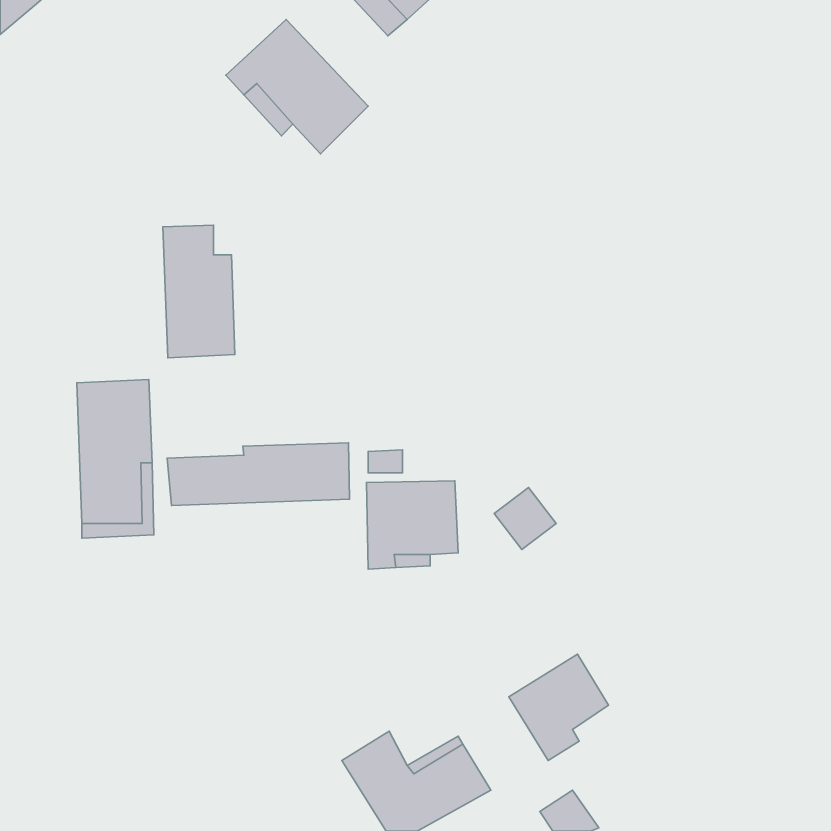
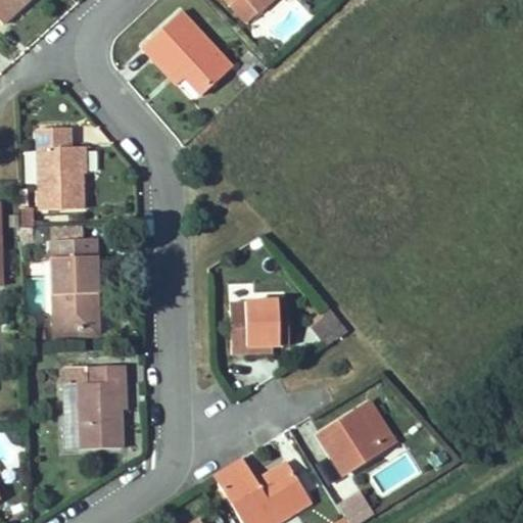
building: [163,225,235,358] -> [39,127,84,209]
building: [167,443,349,505] -> none
building: none -> [62,367,125,450]
building: none -> [361,403,398,463]

